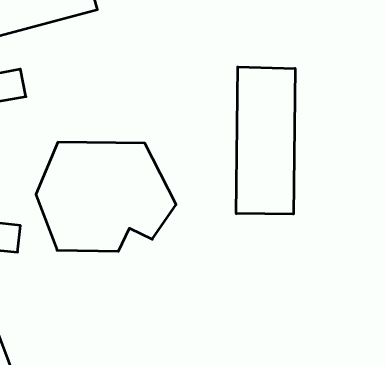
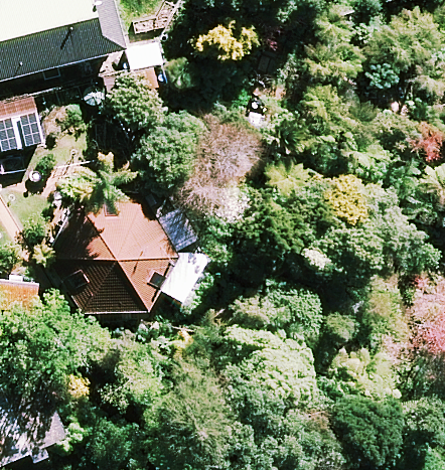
building: [236,67,295,214] -> none

